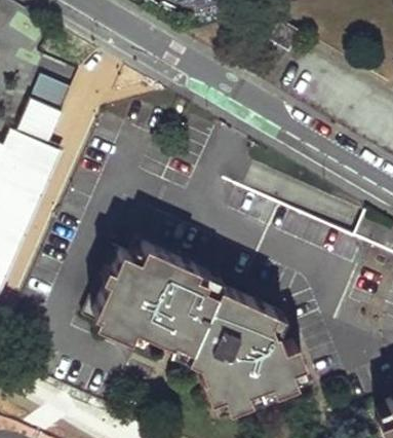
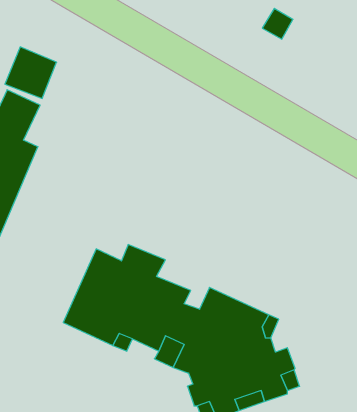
building: [171,261,223,307] -> none

